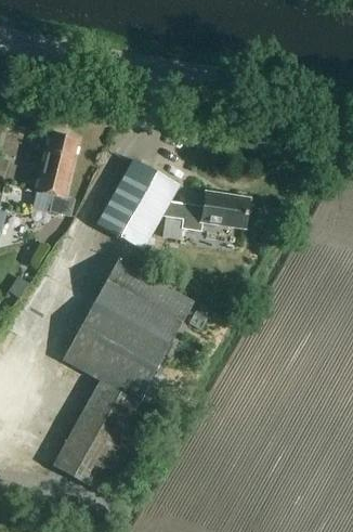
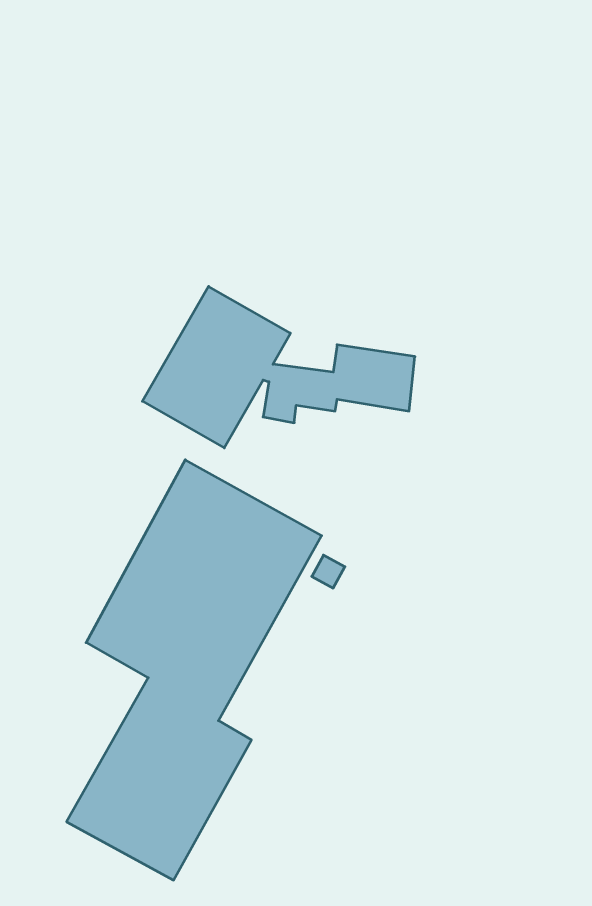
building: [39,134,78,217] -> none

